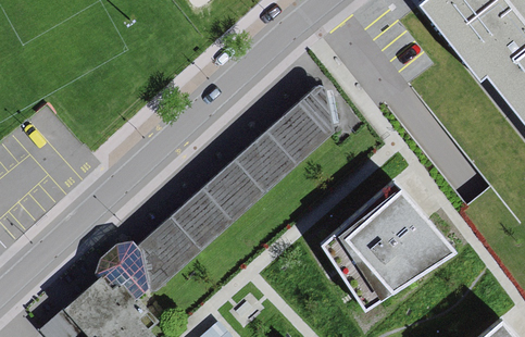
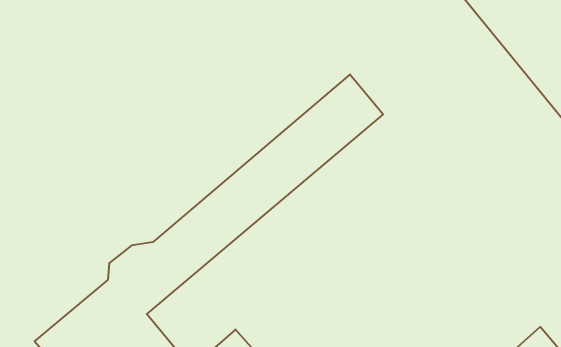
building: [321,180,452,308] -> none

